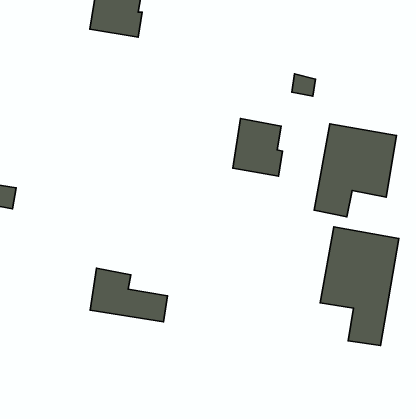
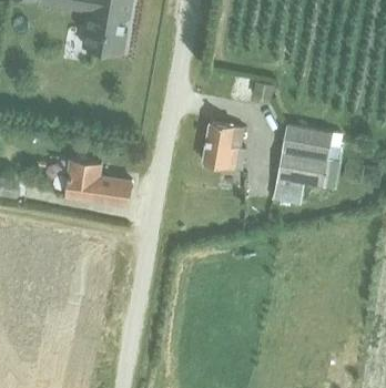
building: [320,227,399,346] -> none
building: [90,268,167,322] -> [67,157,132,203]

